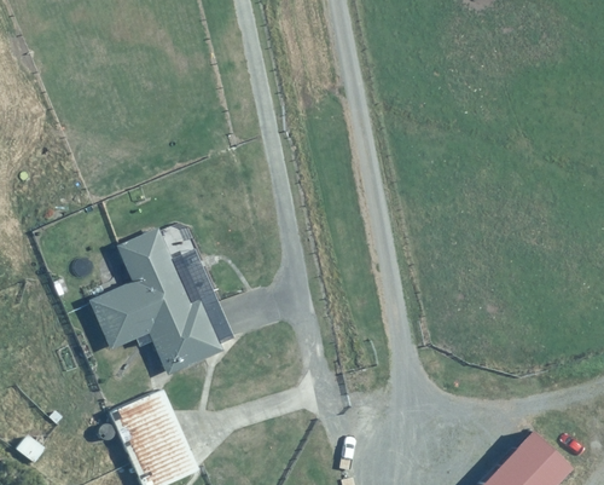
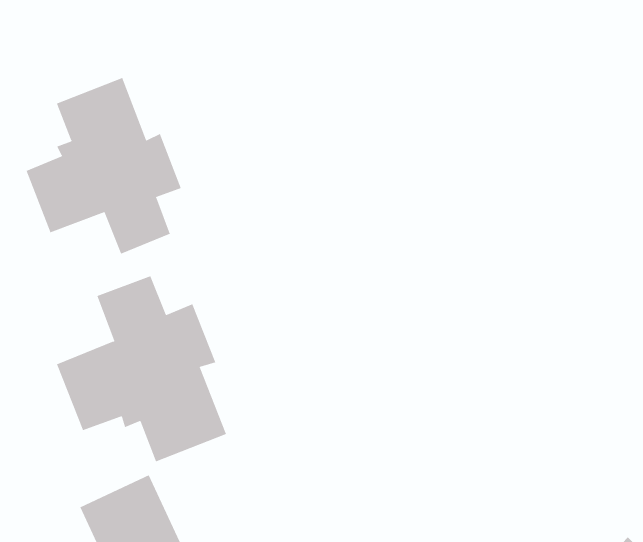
building: none -> [26,77,182,255]

